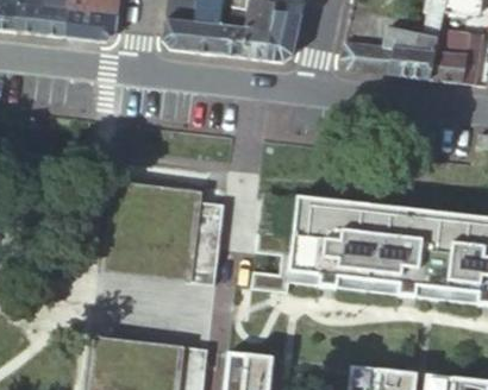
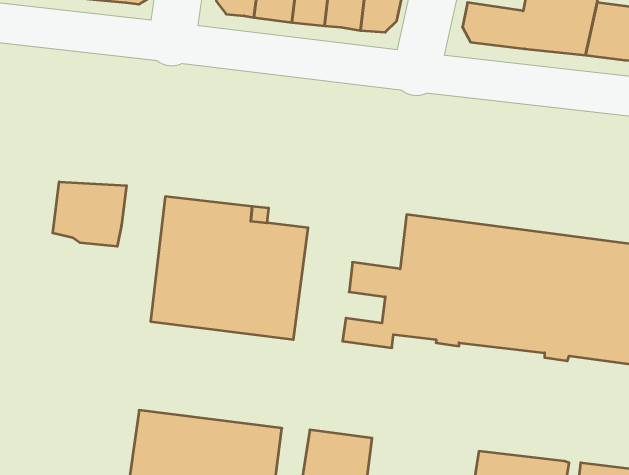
building: none -> [53,182,127,246]

